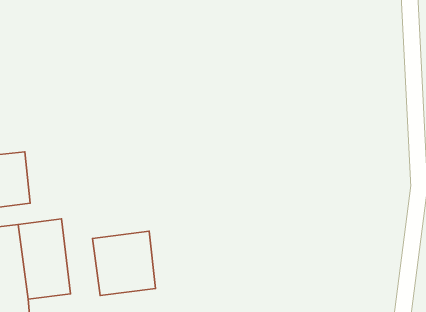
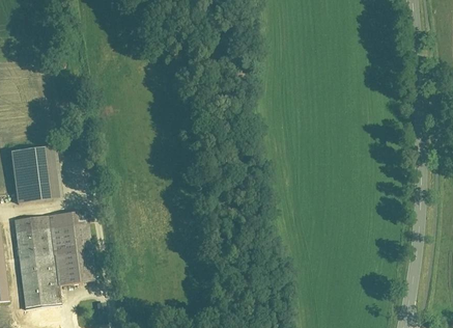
building: [92,231,155,296] -> none

